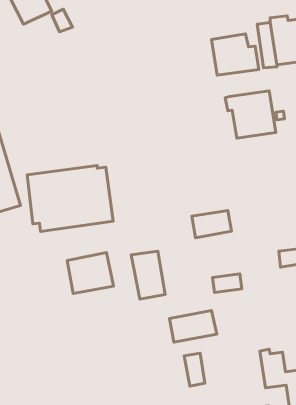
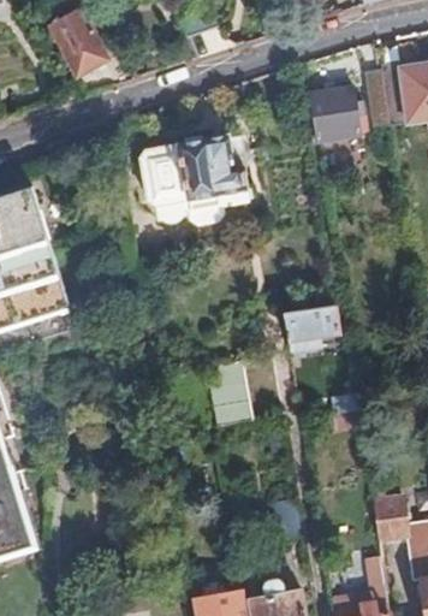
building: [225,91,276,138] -> none
building: [27,165,113,232] -> [144,134,254,218]
building: [67,253,114,293] -> none
building: [169,310,217,342] -> none

